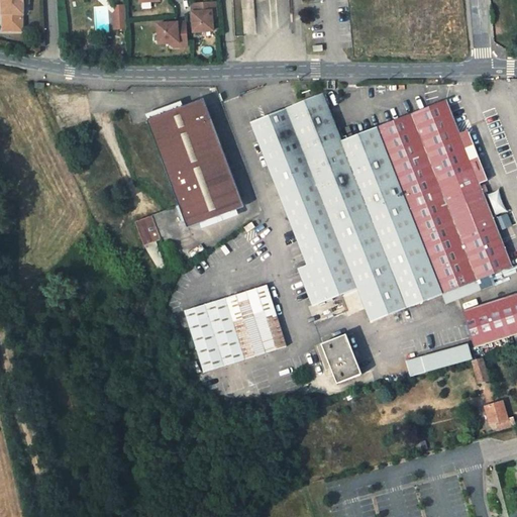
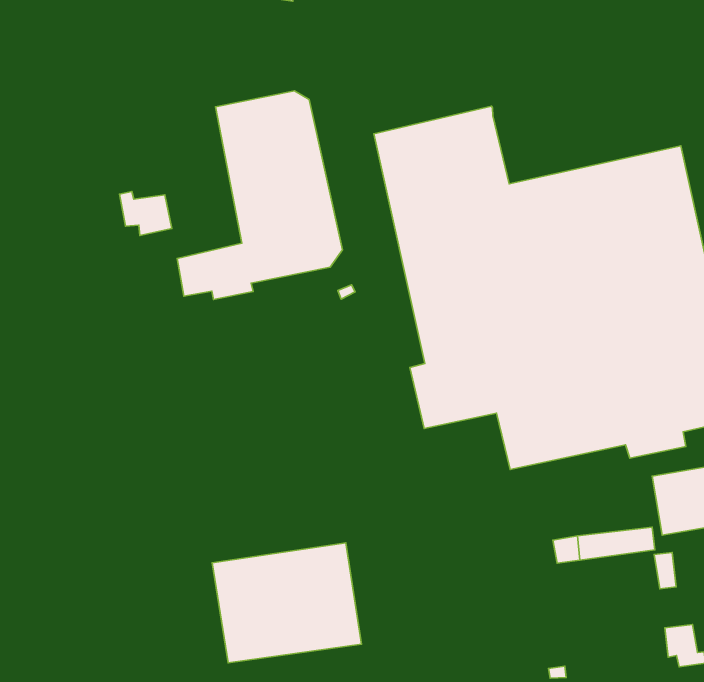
building: none -> [120,192,172,236]
building: [184,284,287,372] -> [212,543,362,663]
building: [322,334,360,383] -> none

